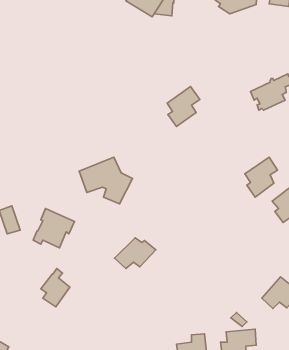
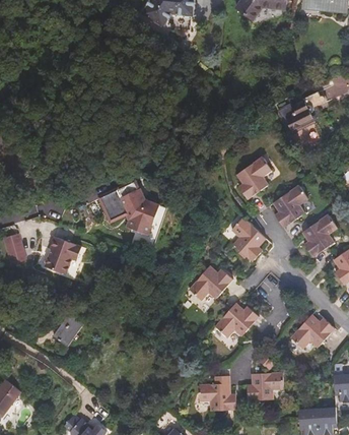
building: [167,86,200,127] -> [236,153,272,197]
building: none -> [232,215,267,259]
building: [115,238,156,269] -> [188,265,232,299]
building: none -> [215,301,259,336]

